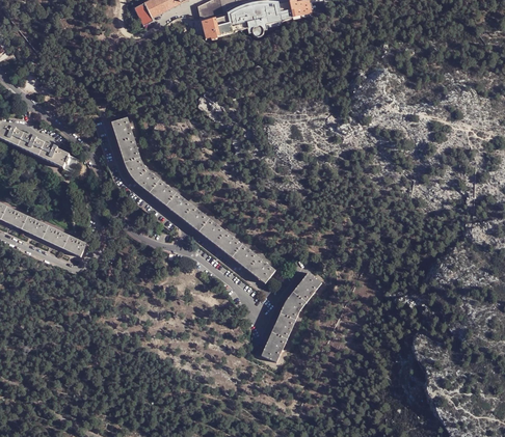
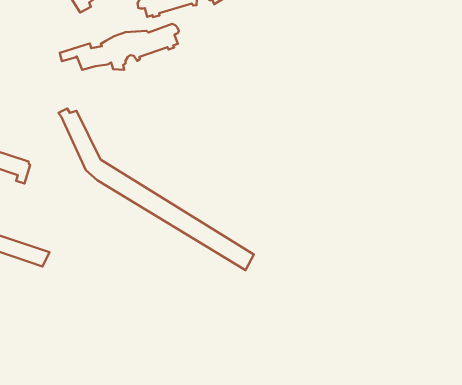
building: none -> [60,24,179,70]
building: [261,271,322,361] -> none

